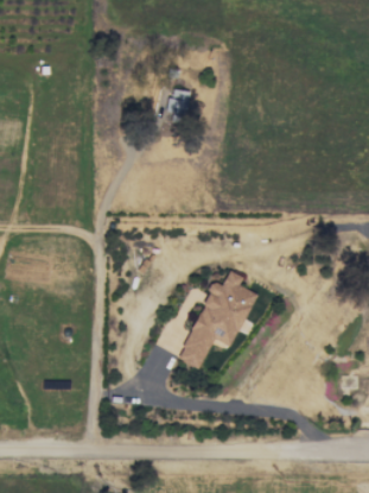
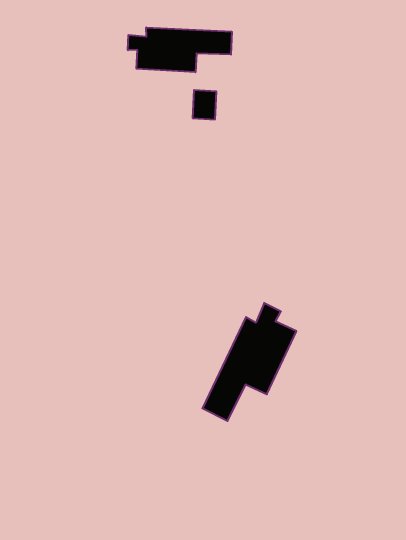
building: none -> [128,27,232,72]

